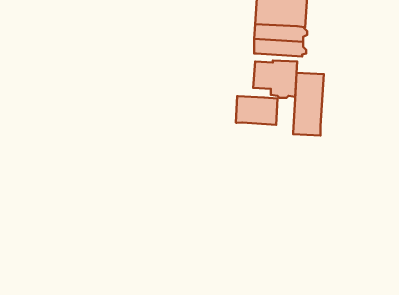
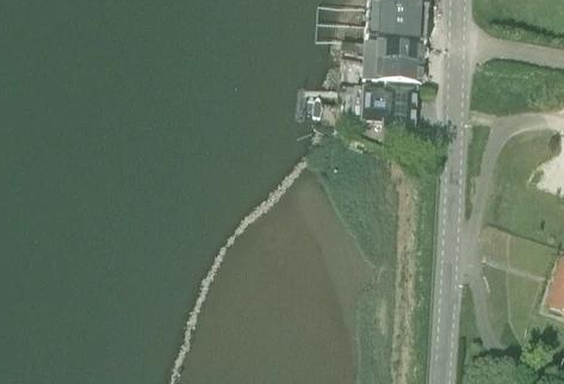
building: [293,73,324,135] -> none
building: [236,96,277,125] -> none

